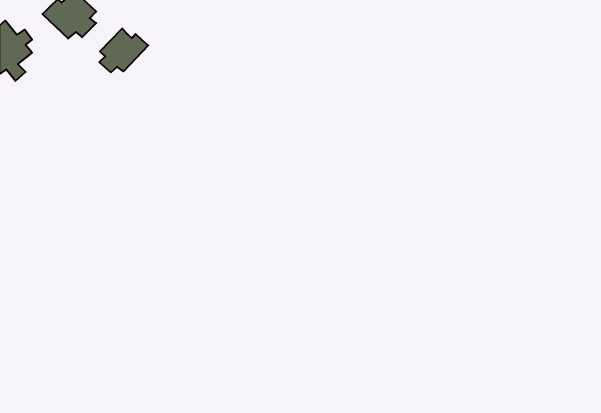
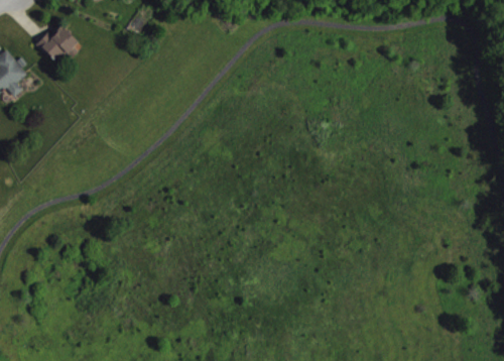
building: [99,28,148,72] -> none

